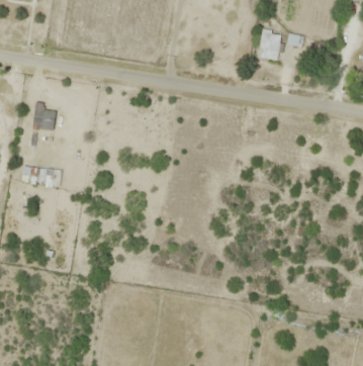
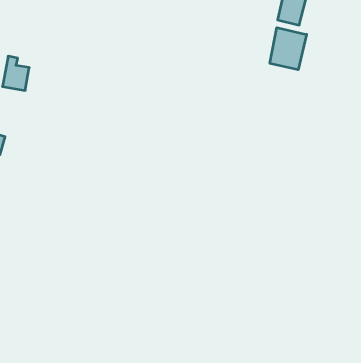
building: none -> [270,28,307,70]

